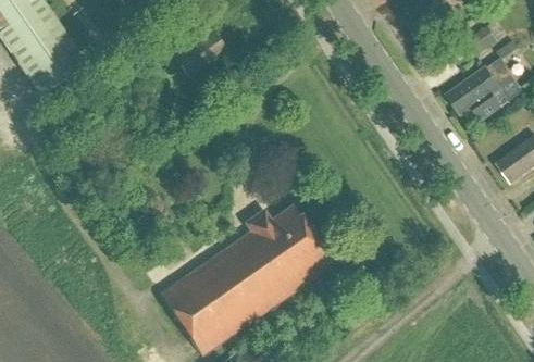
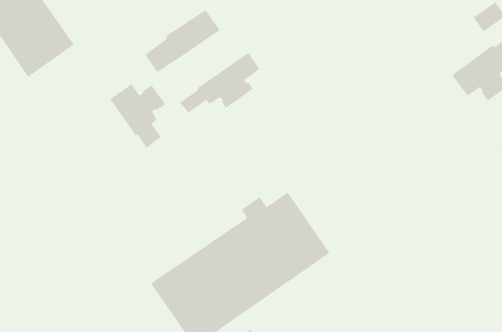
building: none -> [179,52,260,114]
building: none -> [109,83,166,149]

